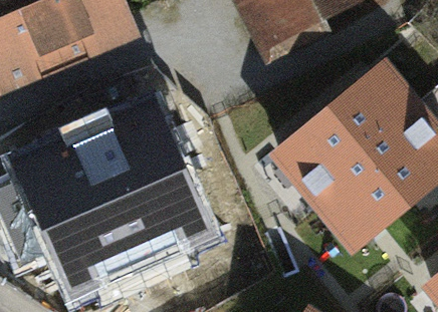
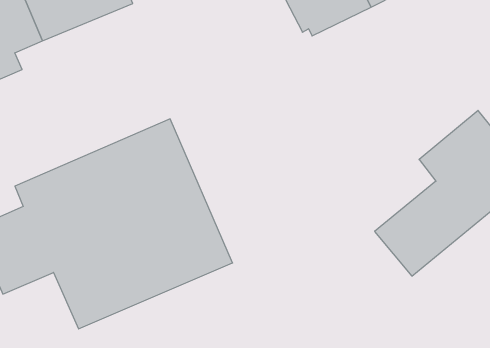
building: [283,73,415,211] -> none

